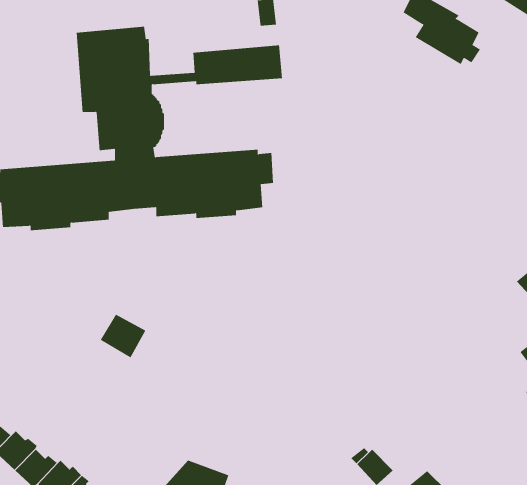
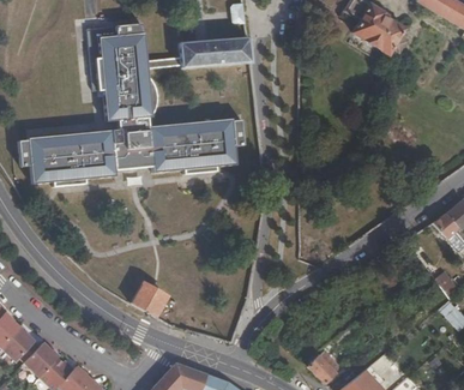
building: [100,314,146,358] -> [128,282,164,317]

